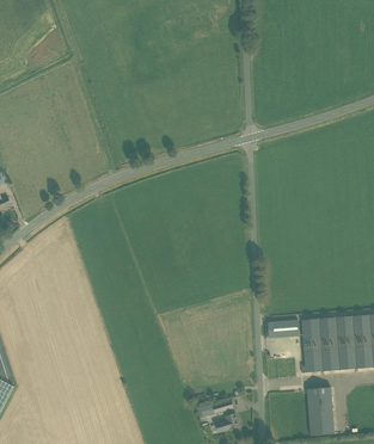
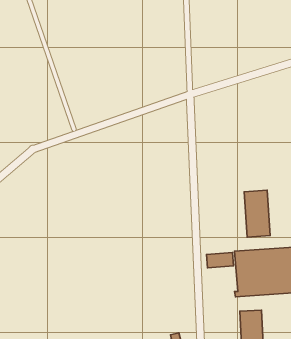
building: none -> [244,190,270,237]

